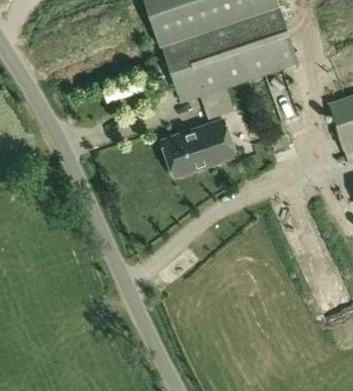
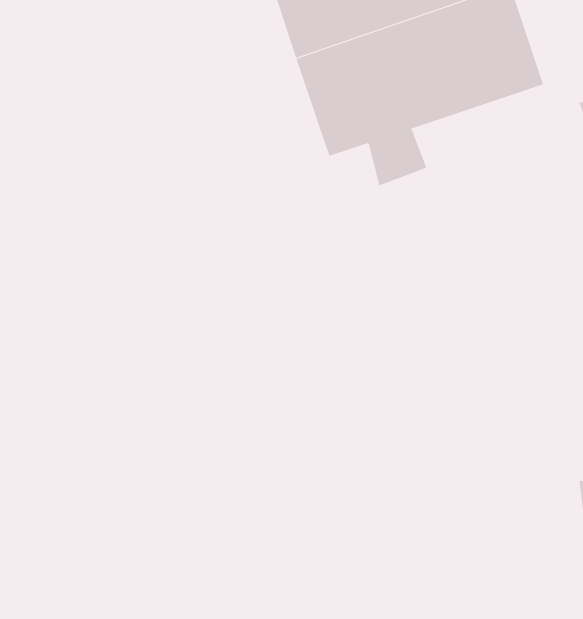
building: [162,122,235,177] -> none

